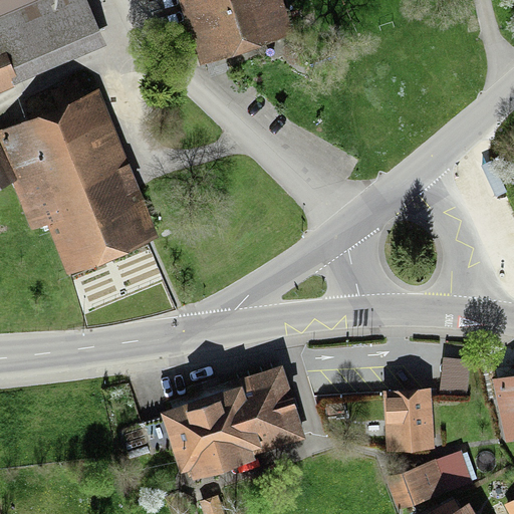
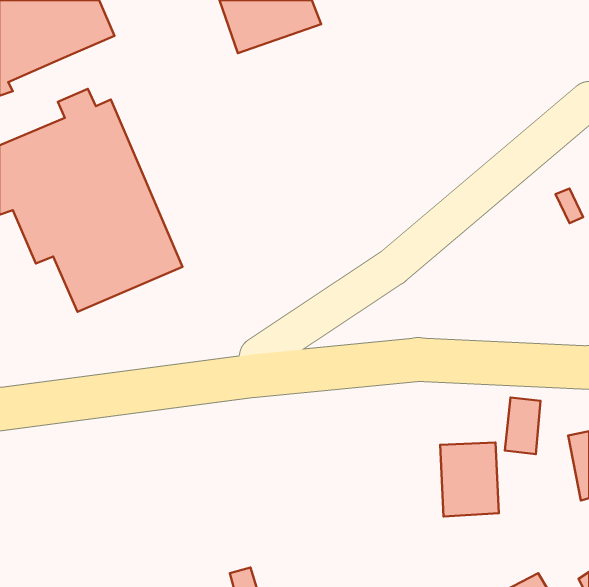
building: [140,364,305,478] -> none
building: [401,452,476,505] -> none

